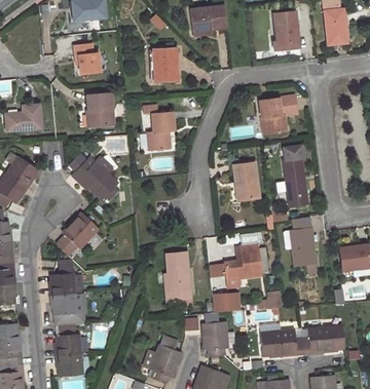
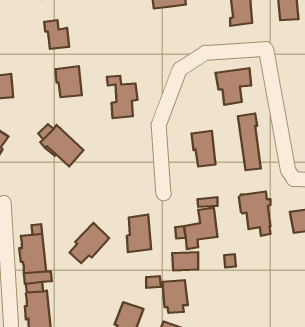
building: [153,48,177,81] -> none
building: [55,211,98,255] -> [70,223,109,263]
building: [260,325,344,357] -> none

